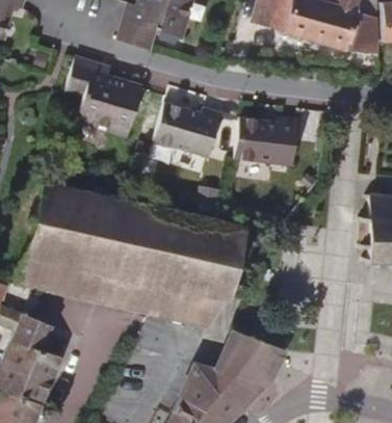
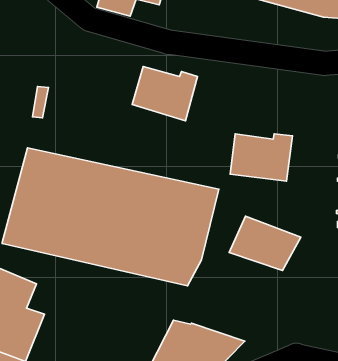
building: [64,57,141,136] -> none
building: [234,116,298,165] -> [230,134,292,181]
building: [214,328,288,385] -> [229,216,301,271]

